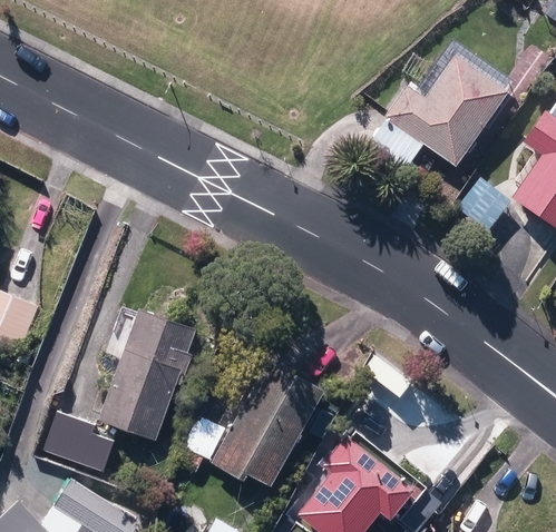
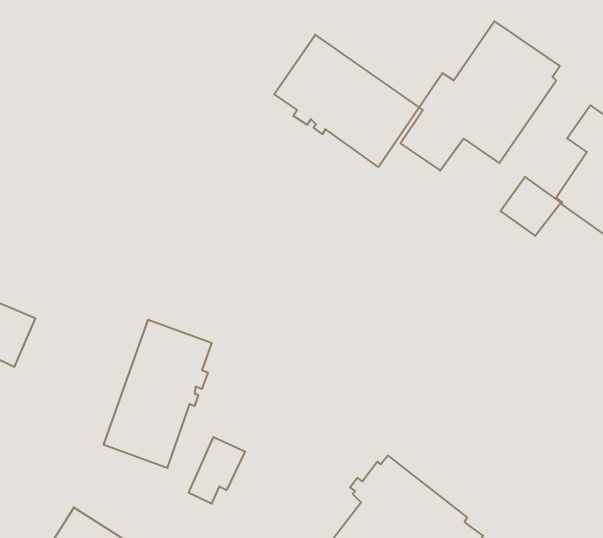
building: none -> [274,35,419,167]
building: [211,361,324,489] -> none
building: [41,412,117,475] -> none

